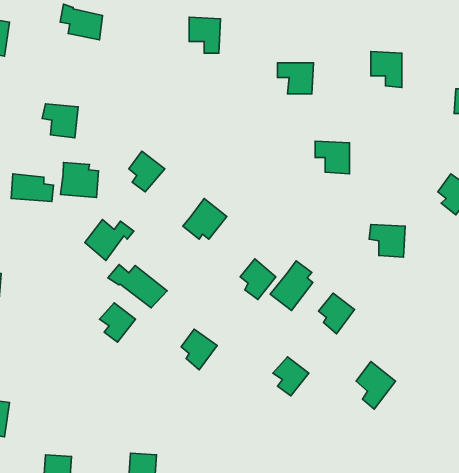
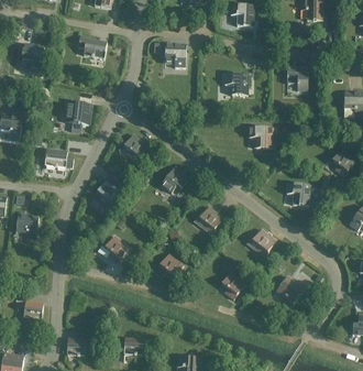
building: [60,163,99,197] -> none
building: [270,261,313,311] -> none
building: [108,264,167,308] -> none

